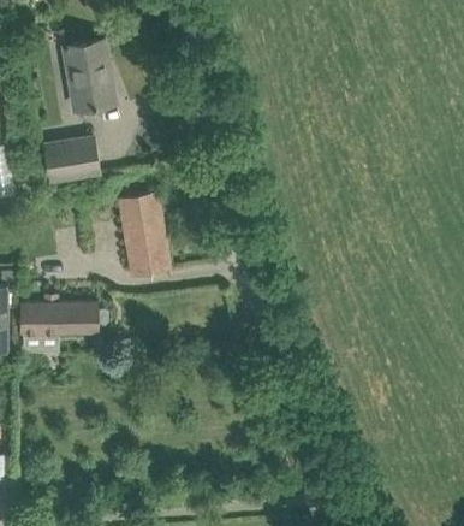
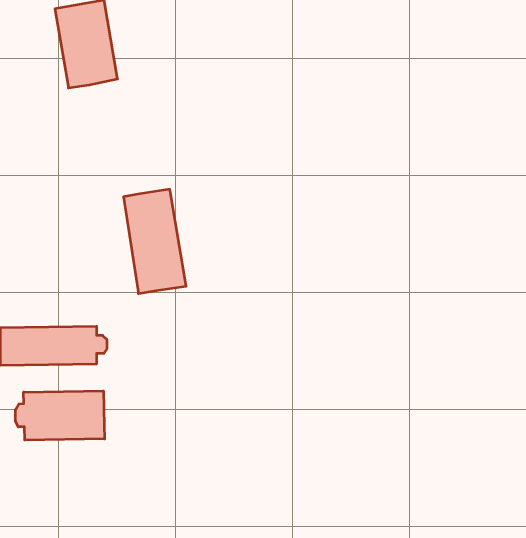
building: [42,136,101,185] -> none
building: none -> [15,391,105,440]

